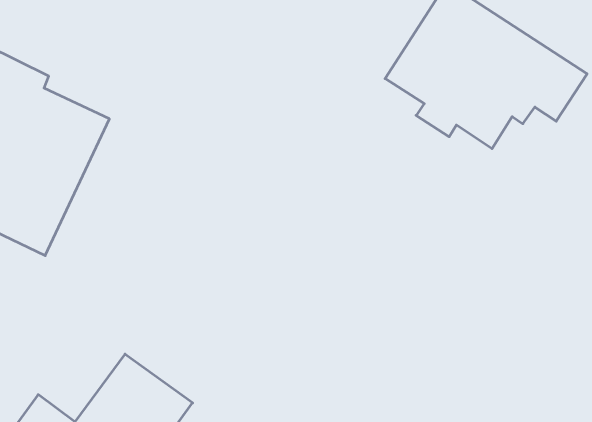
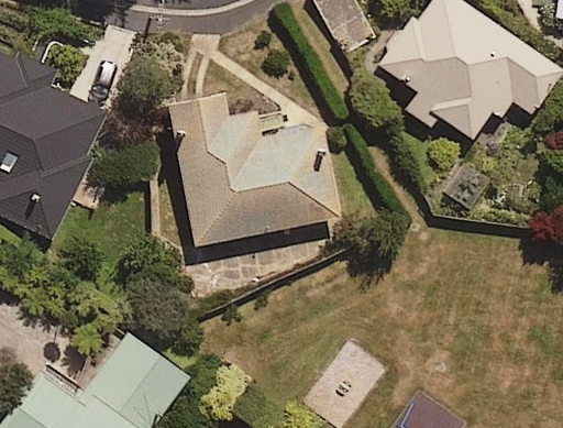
building: none -> [168,94,339,244]

